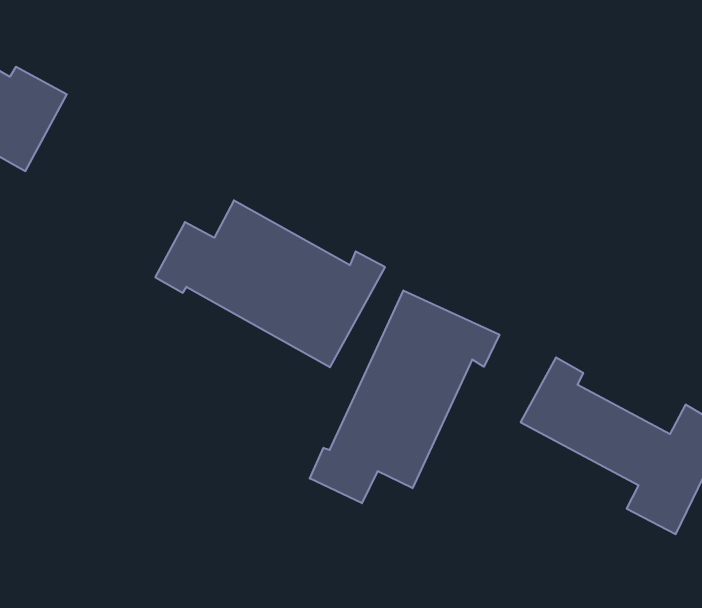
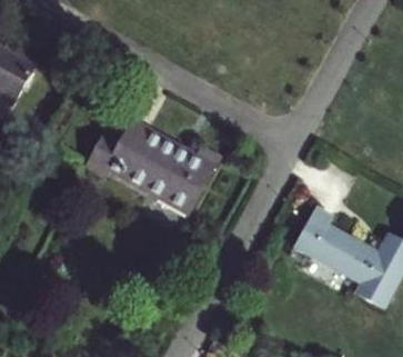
building: [310,290,499,503] -> none

